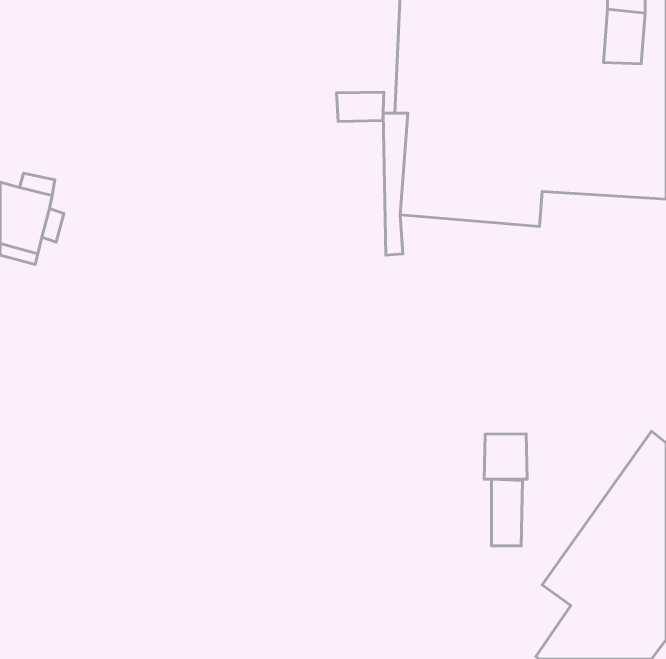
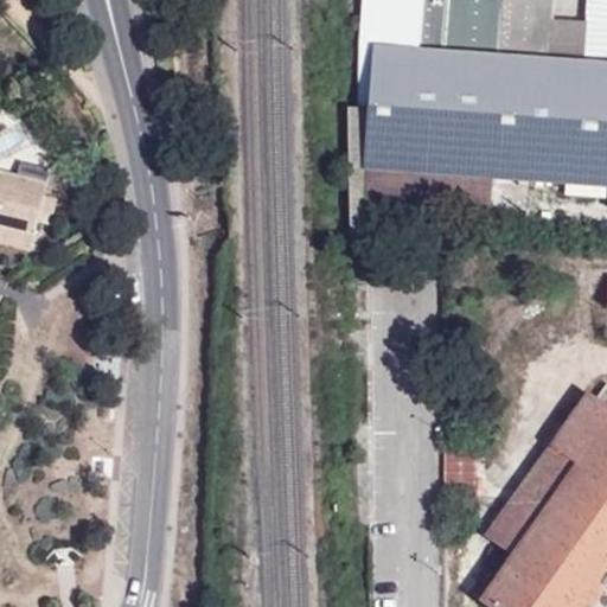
building: [337,92,384,122] -> none
building: [484,434,527,479] -> none

